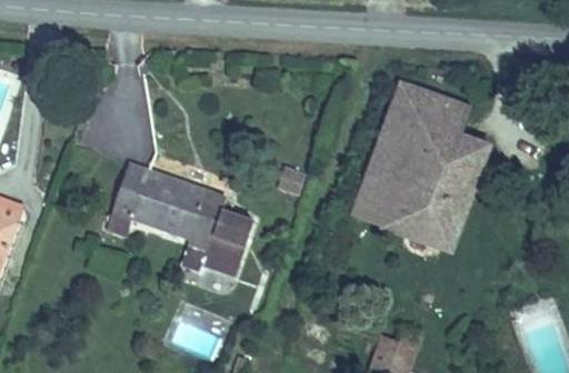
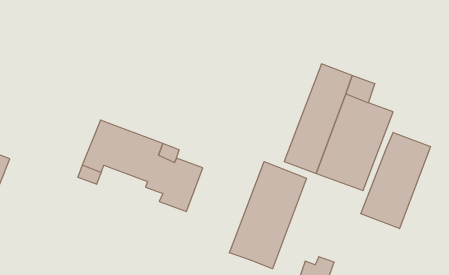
building: none -> [361,132,431,229]
building: none -> [229,162,307,269]

